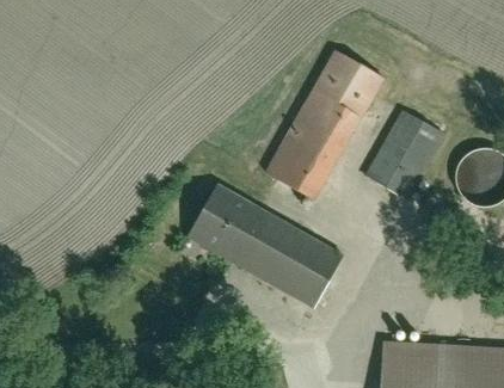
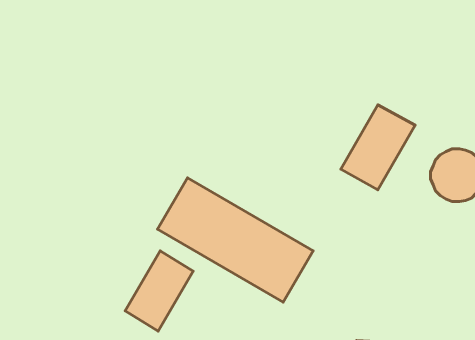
building: [270,51,380,196] -> none
building: none -> [125,251,193,331]

